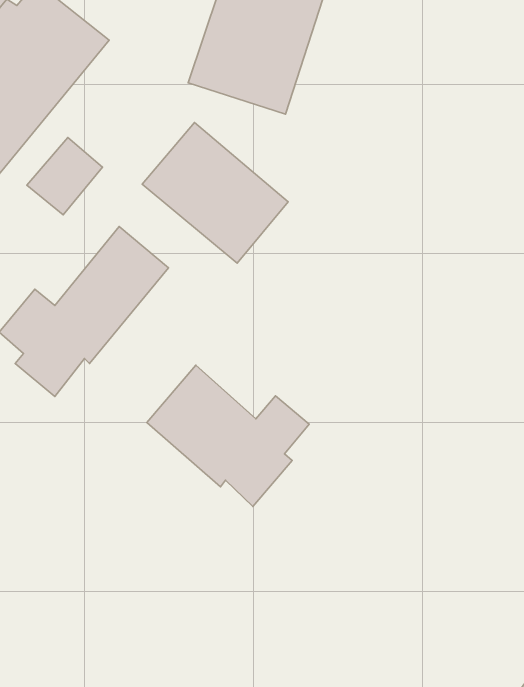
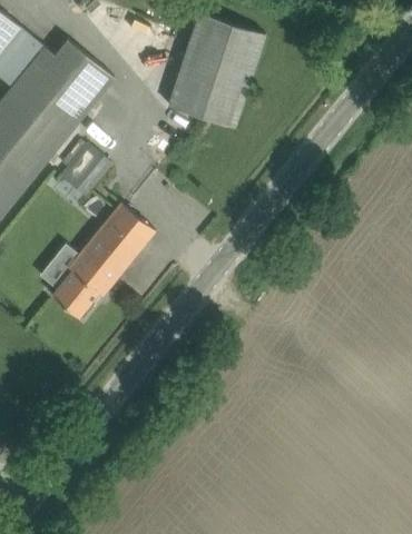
building: [142,122,288,263] -> none
building: [147,365,309,506] -> none

